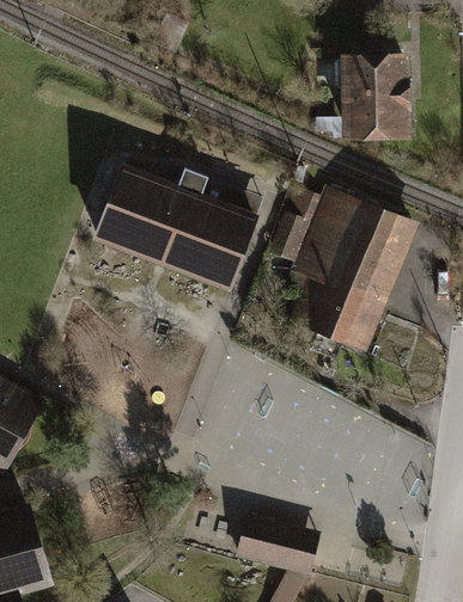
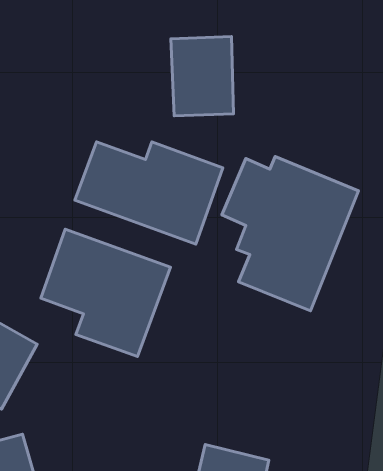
building: [337,59,409,149] -> [171,37,234,116]
building: none -> [41,229,170,356]

